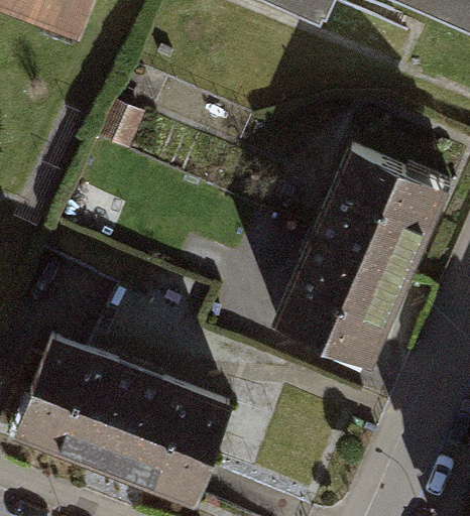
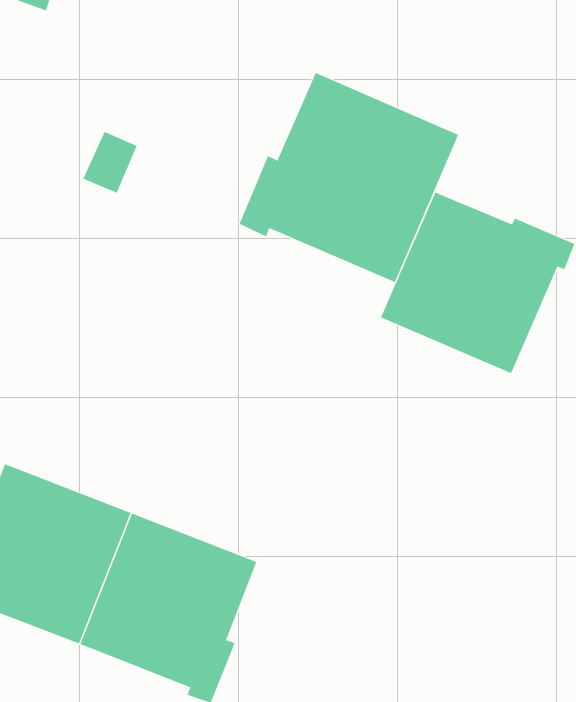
building: none -> [239,72,459,283]
building: [276,237,405,370] -> none

